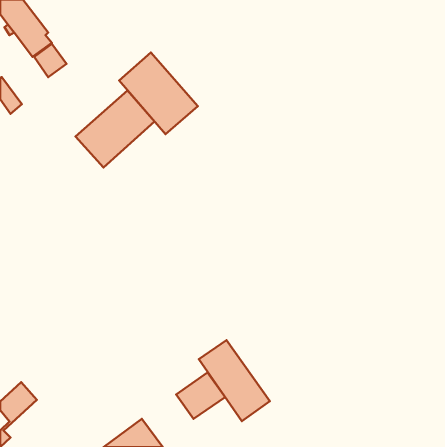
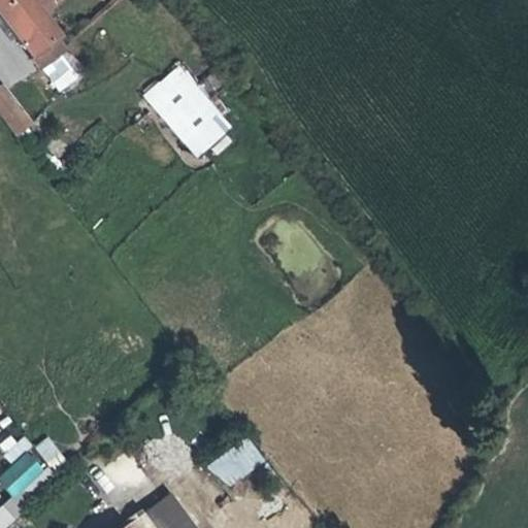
building: [76,91,155,167] -> none
building: [199,340,270,421] -> none

